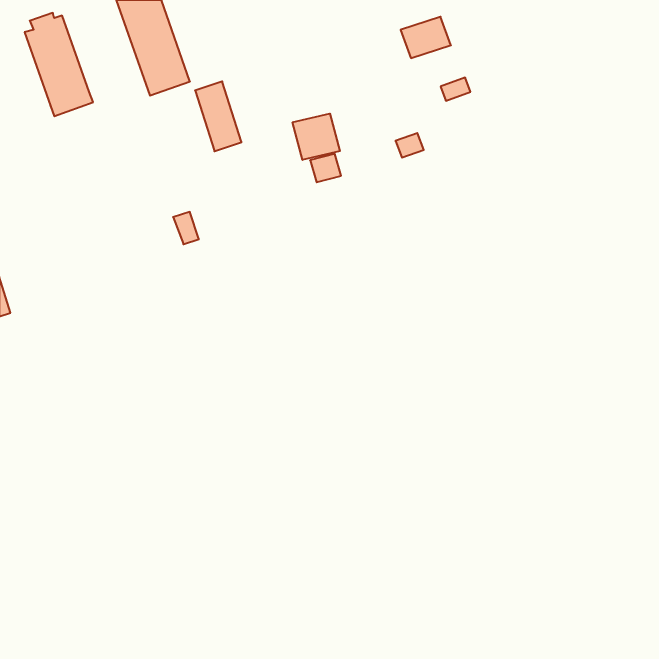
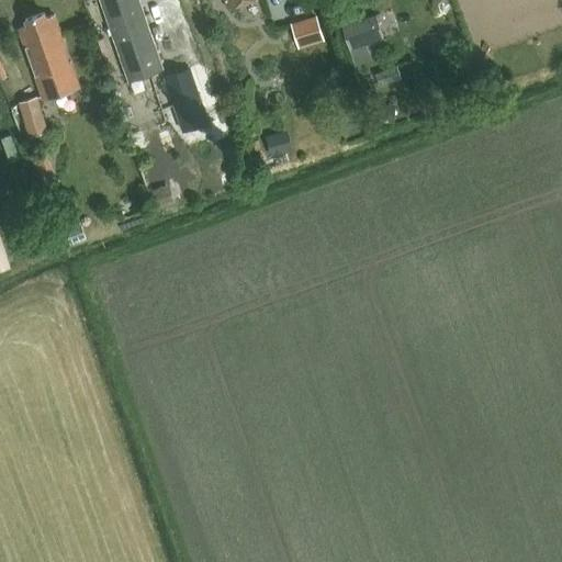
building: none -> [289,15,322,47]
building: [293,114,340,160] -> none
building: none -> [18,98,47,137]

